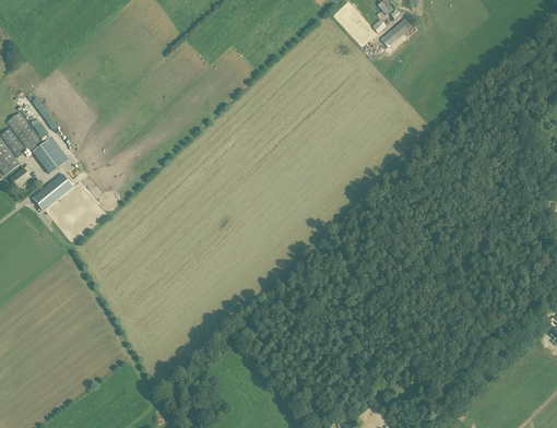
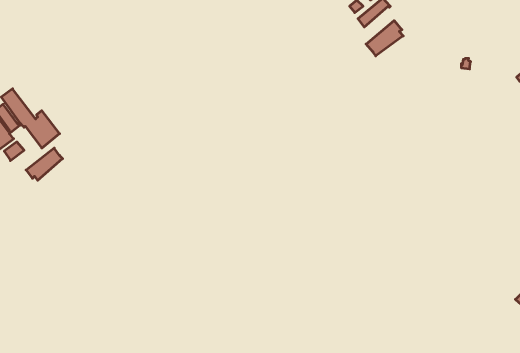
building: none -> [366,21,403,56]

